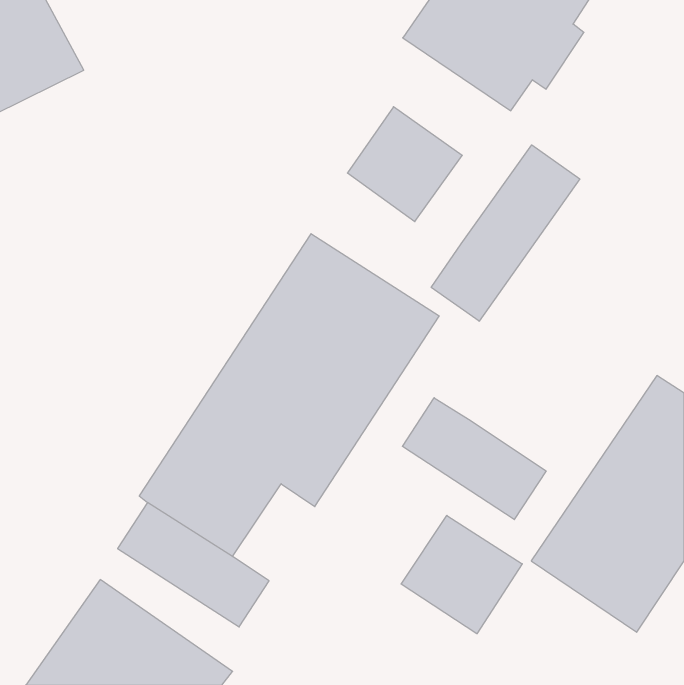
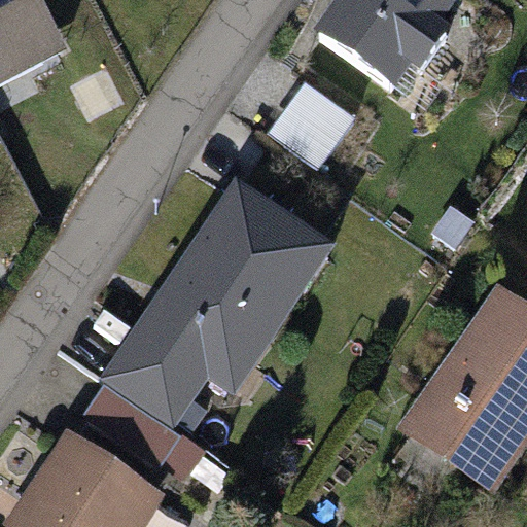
building: [431,145,580,321] -> none
building: [402,398,546,520] -> none
building: [401,515,522,634] -> none

